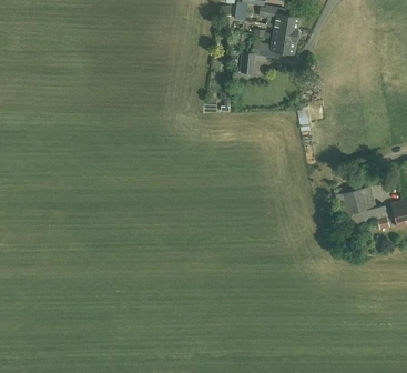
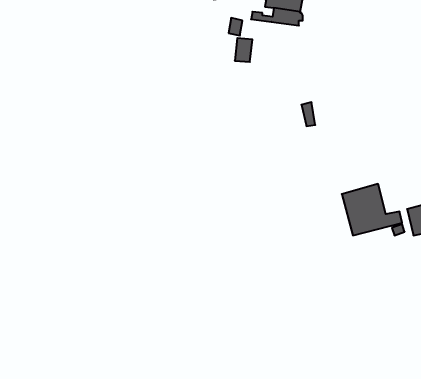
building: [258,37,297,54] -> none

